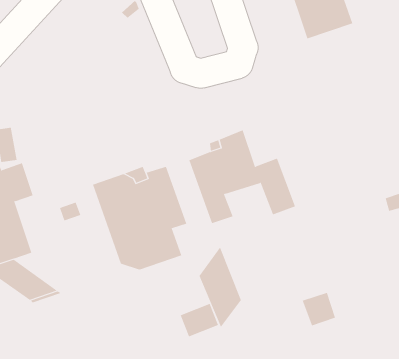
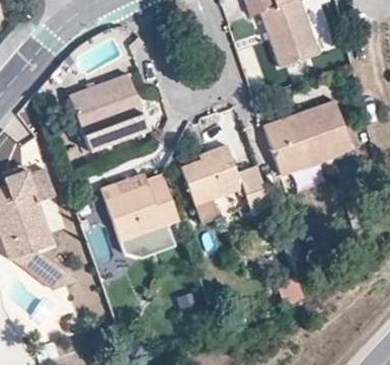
building: none -> [69,75,147,150]
building: none -> [262,97,350,173]
building: [199,247,241,328] -> none

